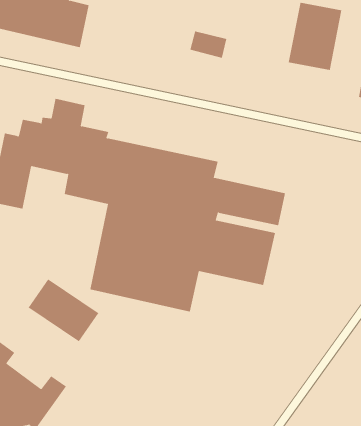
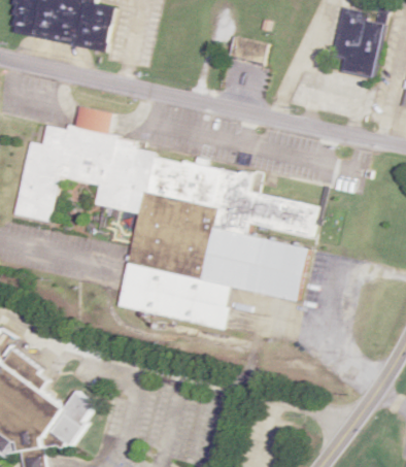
building: [28,279,99,342] -> none

